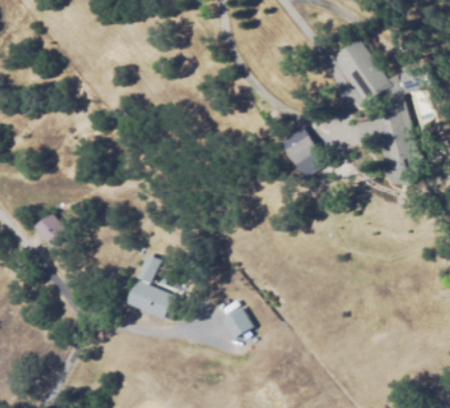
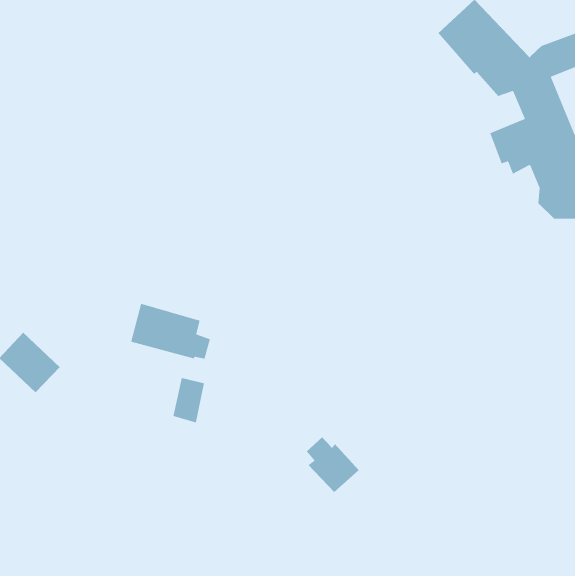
building: [279,127,325,176] -> none
building: [126,279,177,320] -> [130,303,211,359]

